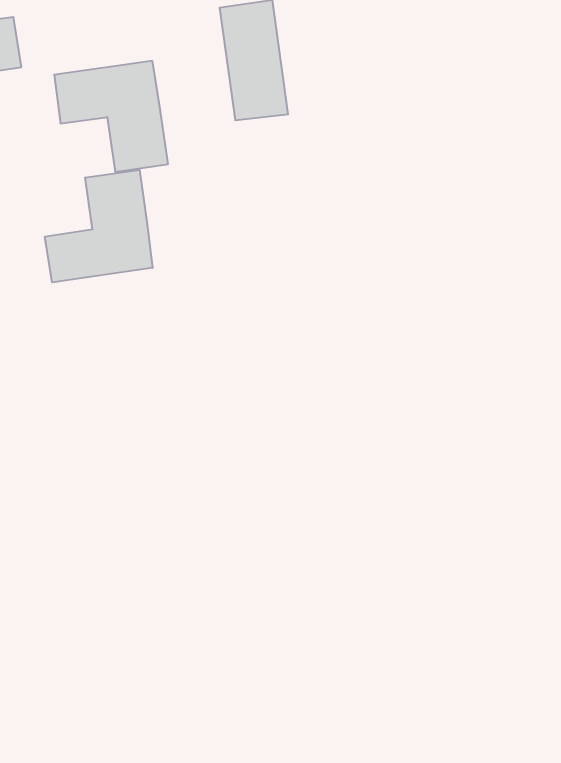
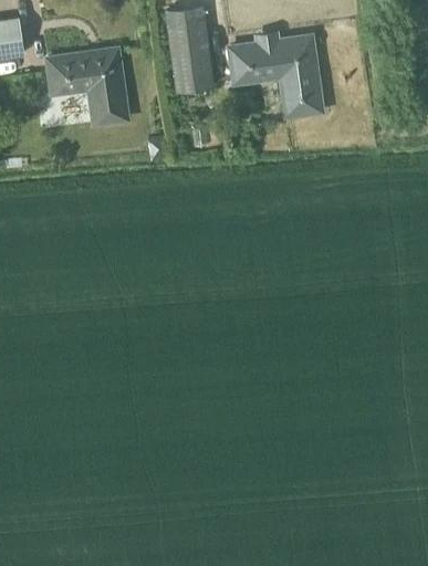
building: none -> [230,35,322,115]
building: [45,170,153,282] -> none

